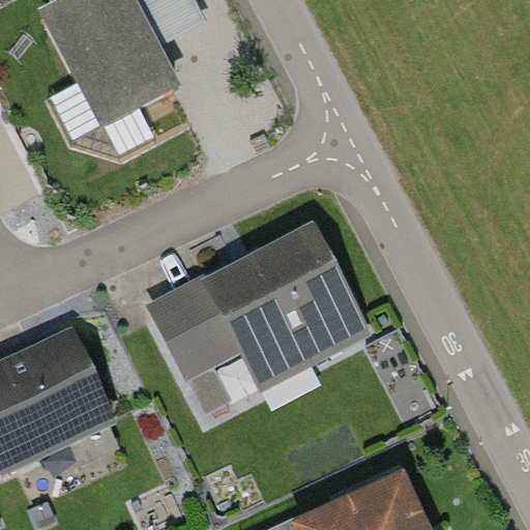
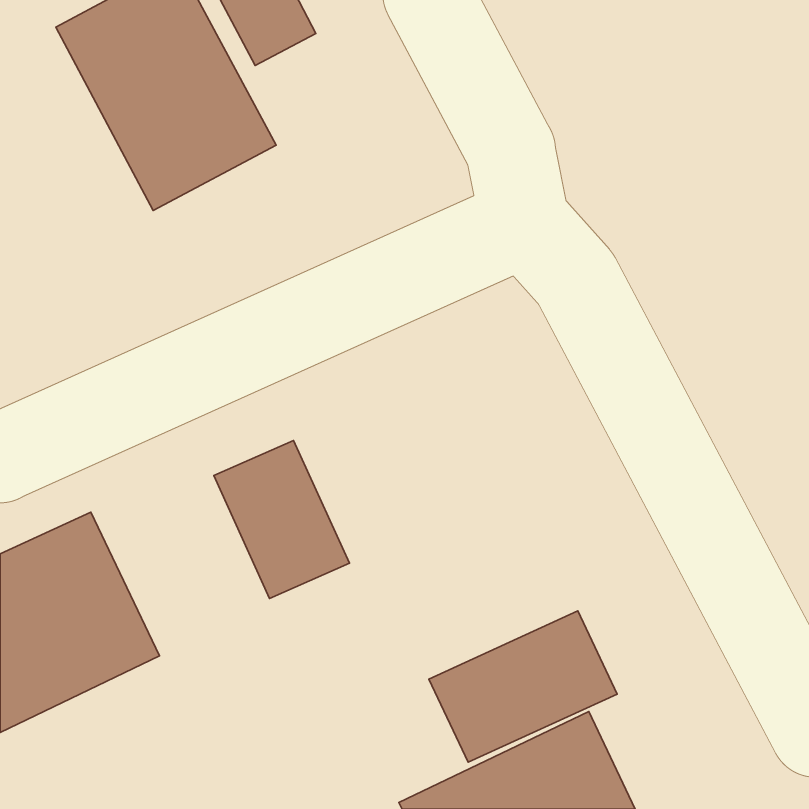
building: [205,223,376,388] -> none
building: none -> [429,611,617,762]

